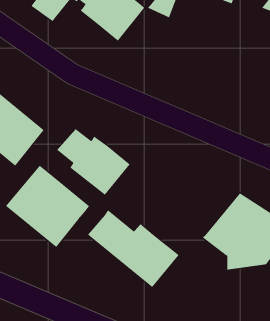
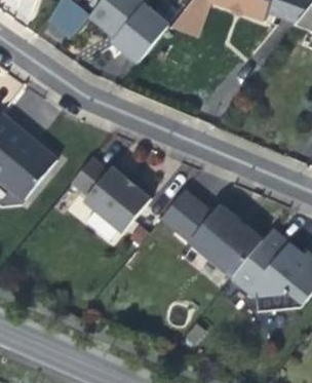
building: [5,165,90,248] -> none
building: [87,209,180,288] -> [161,190,263,276]

